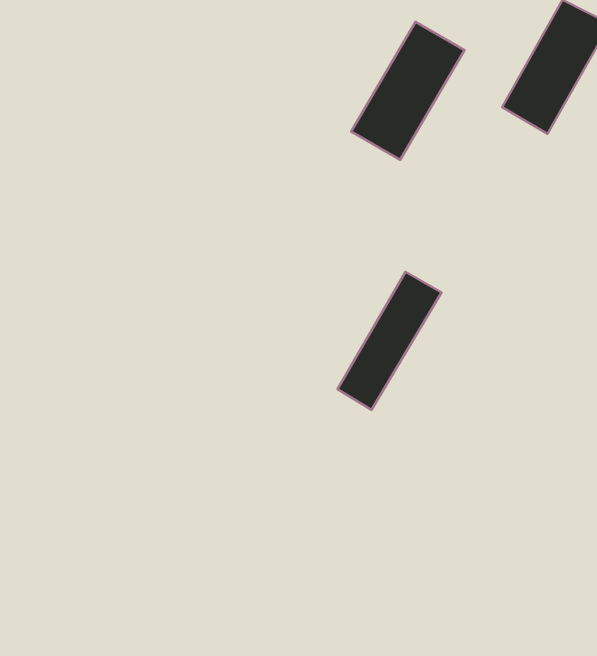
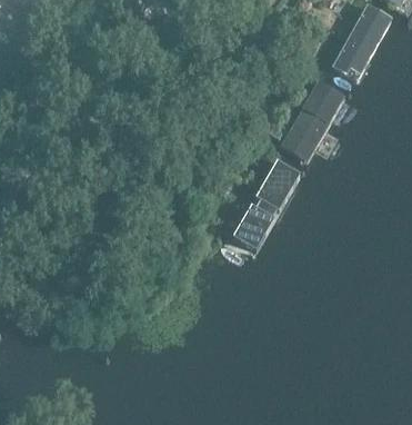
building: [351,22,465,160] -> [278,81,344,162]

